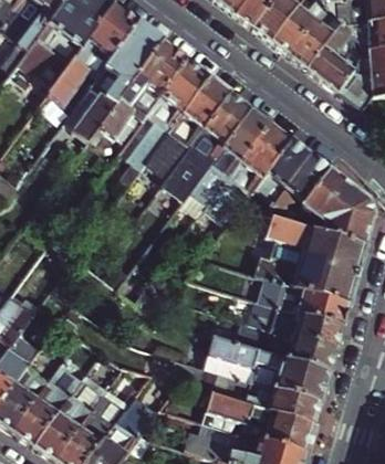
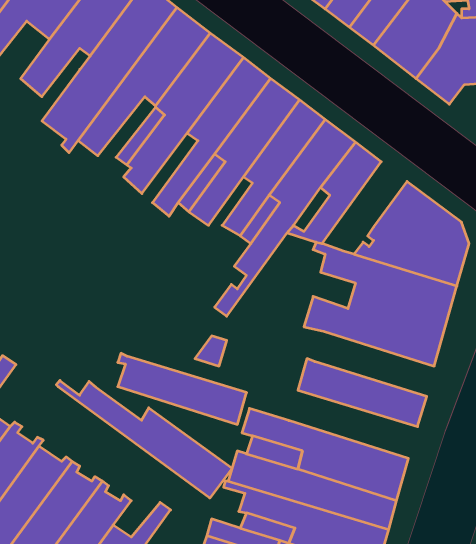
building: [268,152,330,218] -> none
building: [262,276,350,324] -> none
building: none -> [56,380,232,498]
building: [243,317,337,369] -> [118,353,247,424]

